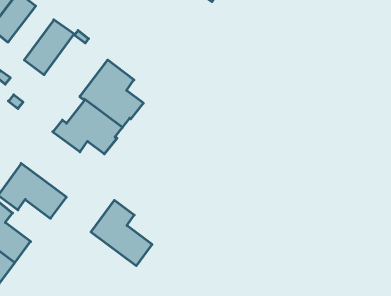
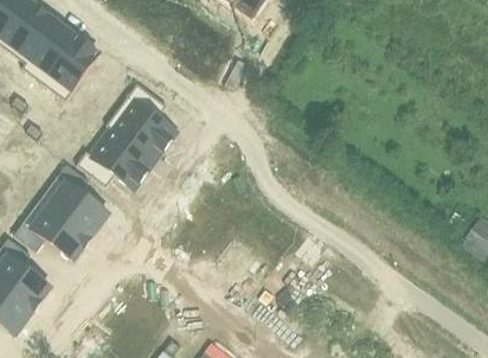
building: none -> [23,21,77,82]
building: [91,200,152,266] -> [40,162,109,236]

